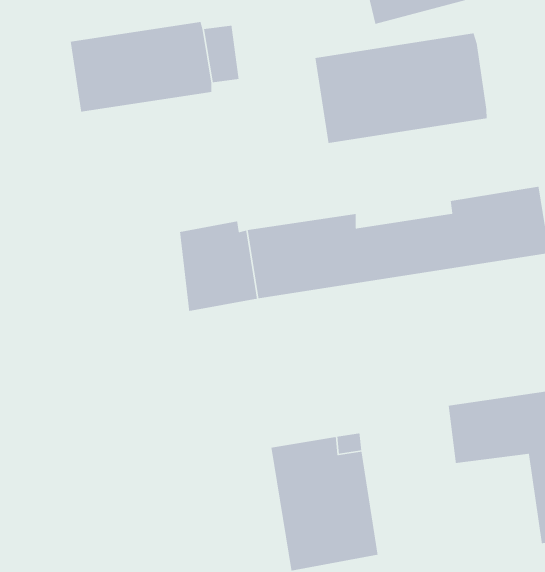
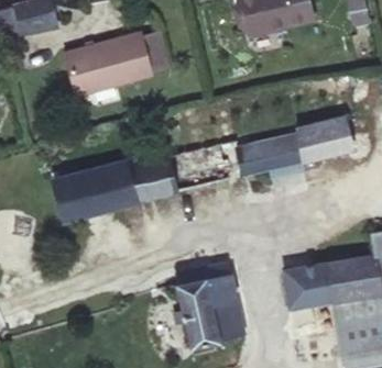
building: [314,33,488,144] -> none
building: none -> [43,163,132,223]

